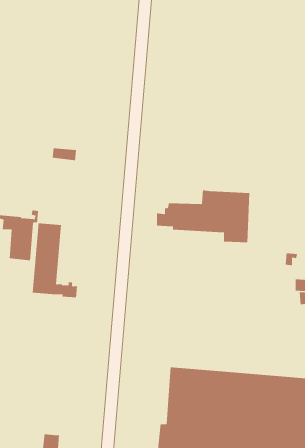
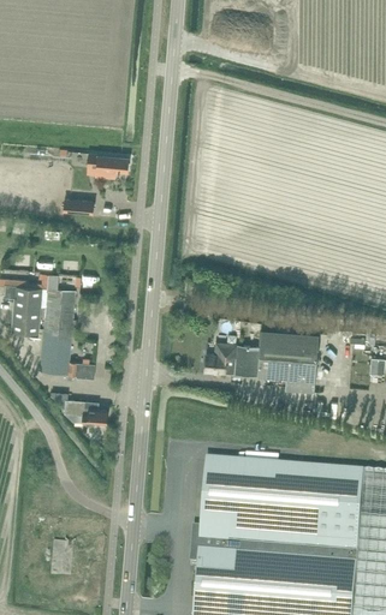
building: none -> [88,153,129,177]
building: [156,190,250,243] -> [204,326,317,389]
building: none -> [52,392,107,425]

